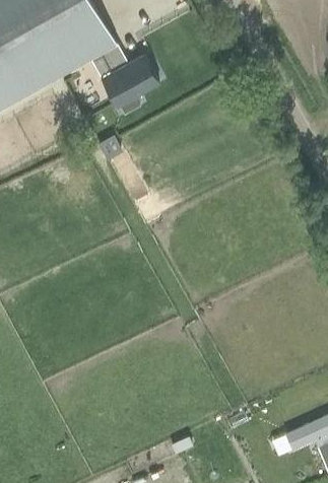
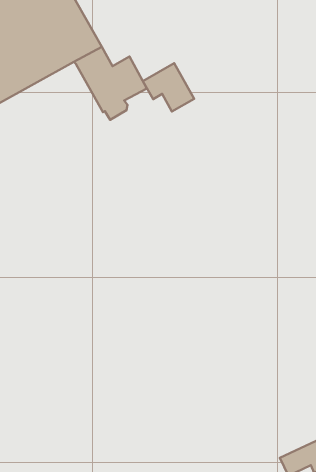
building: none -> [143,63,194,111]

